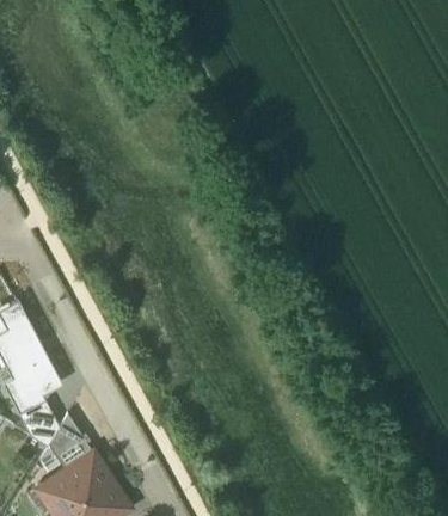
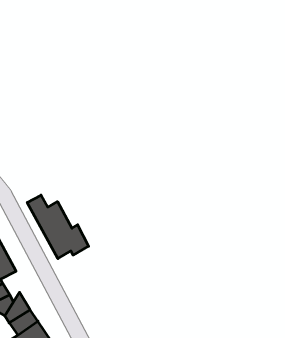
building: none -> [27,195,89,259]

